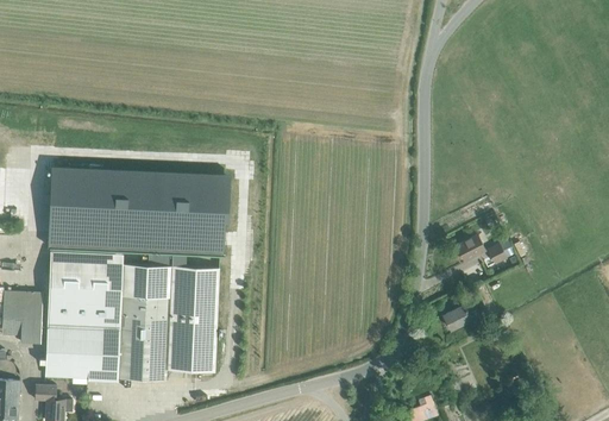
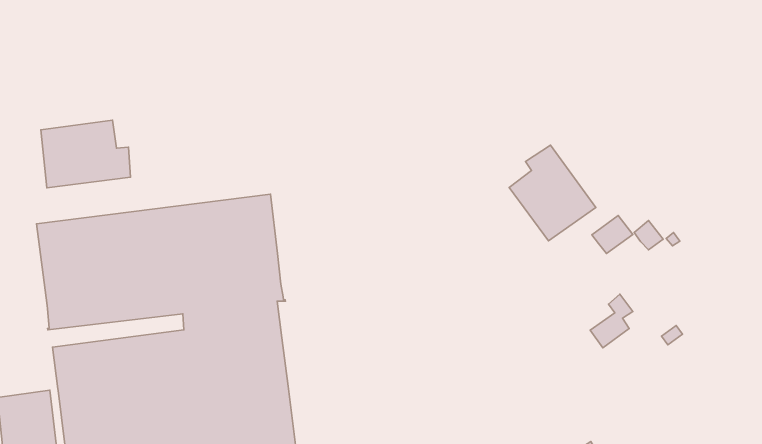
building: none -> [41,120,131,188]
building: none -> [509,145,596,241]

